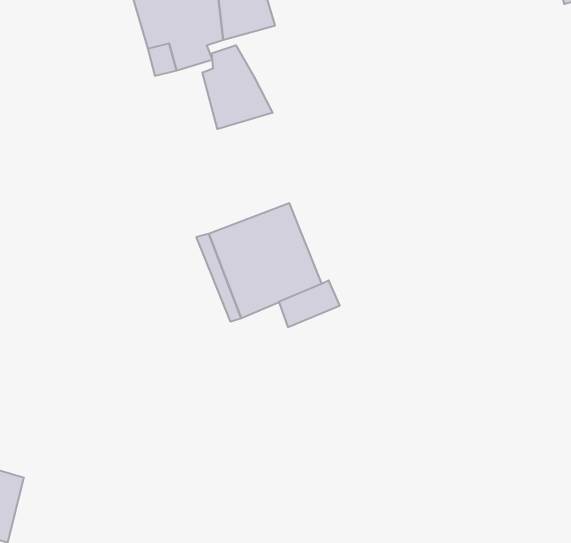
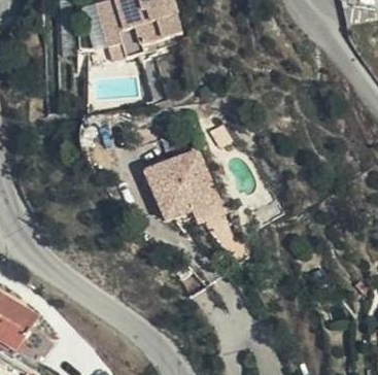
building: [202,45,273,129] -> none

